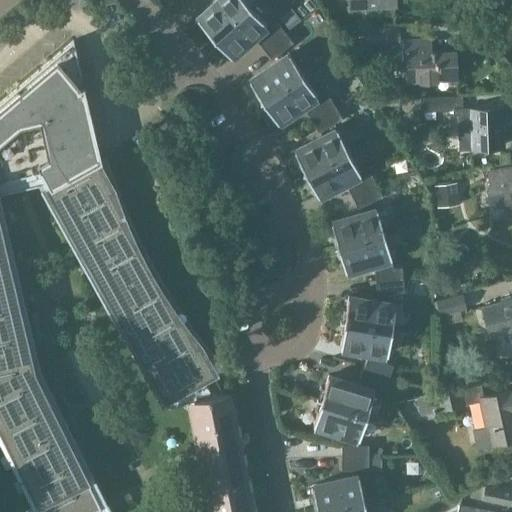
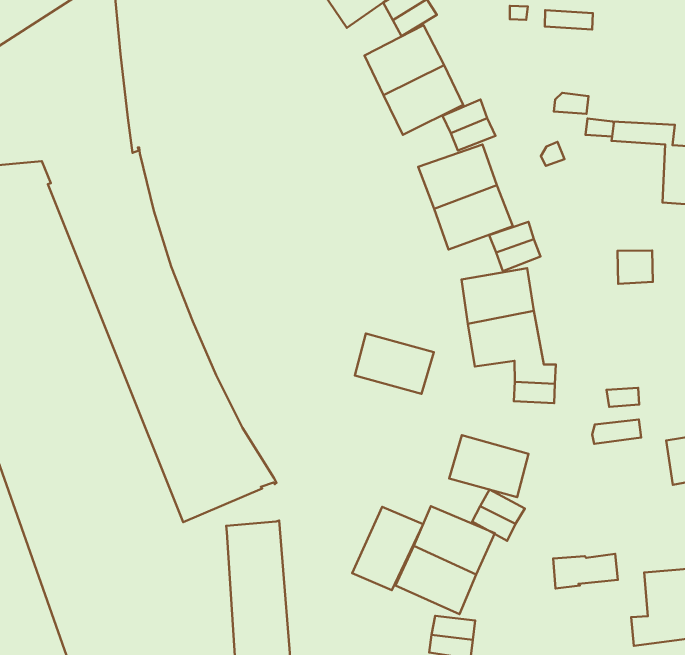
building: [403,43,457,85] -> none
building: [344,296,395,332] -> [355,333,434,394]
building: none -> [352,507,423,590]

